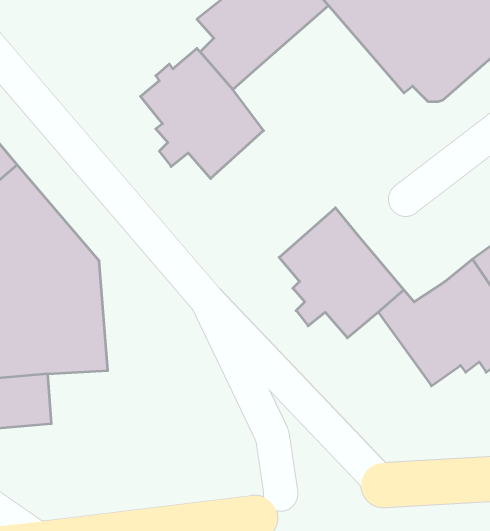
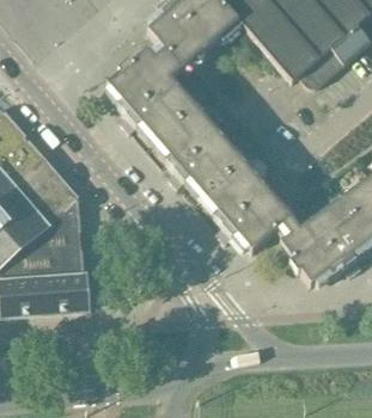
building: none -> [157,107,244,196]
building: none -> [43,275,89,312]

